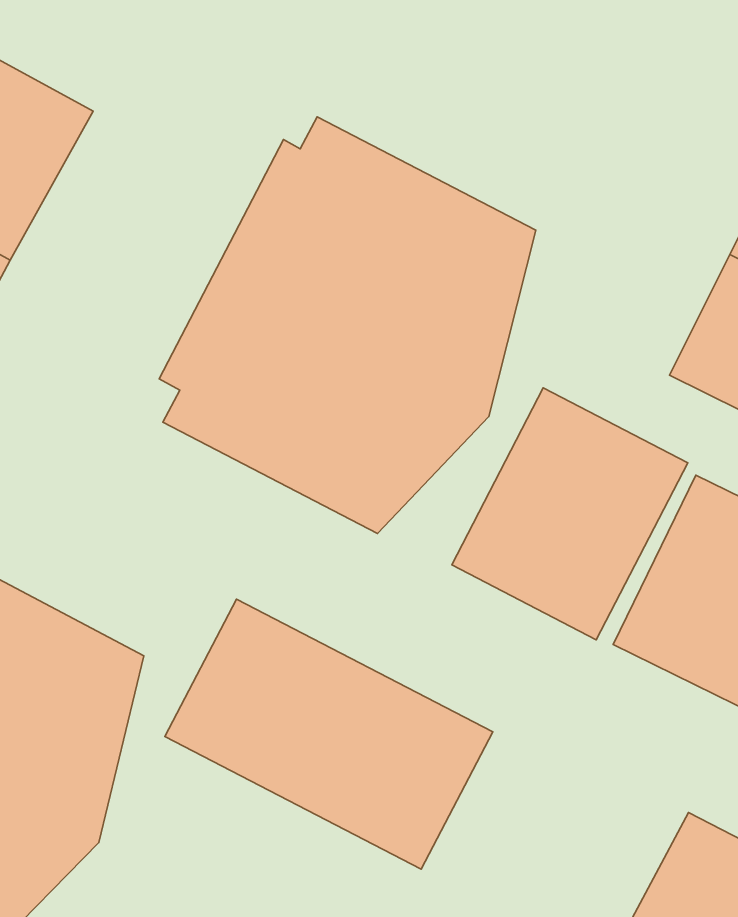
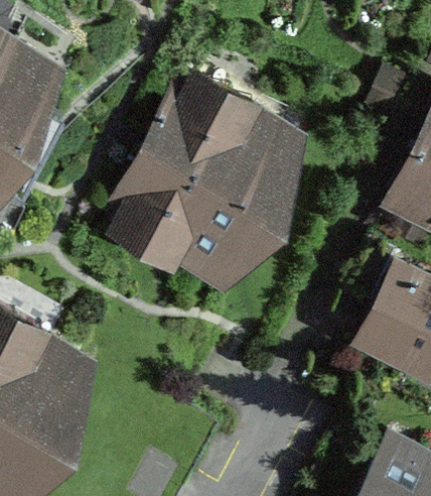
building: [452,388,688,640] -> none
building: [165,599,493,869] -> none

